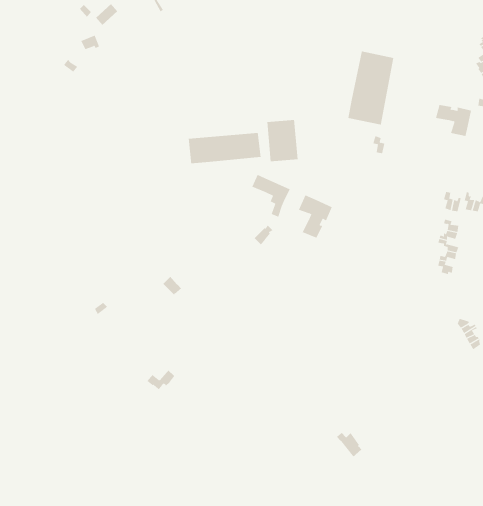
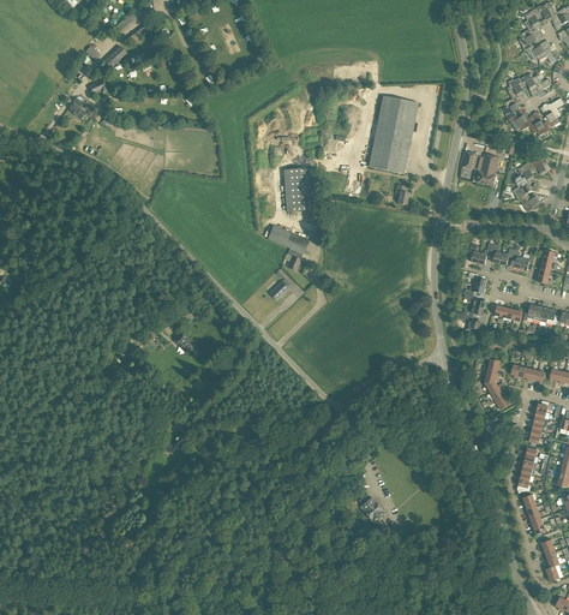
building: [188,132,261,164] -> none
building: [298,195,332,238] -> none

